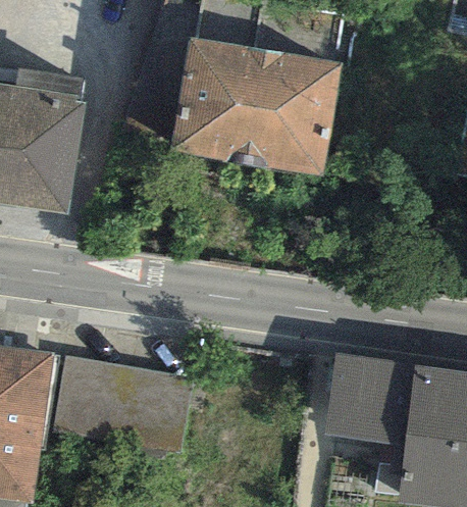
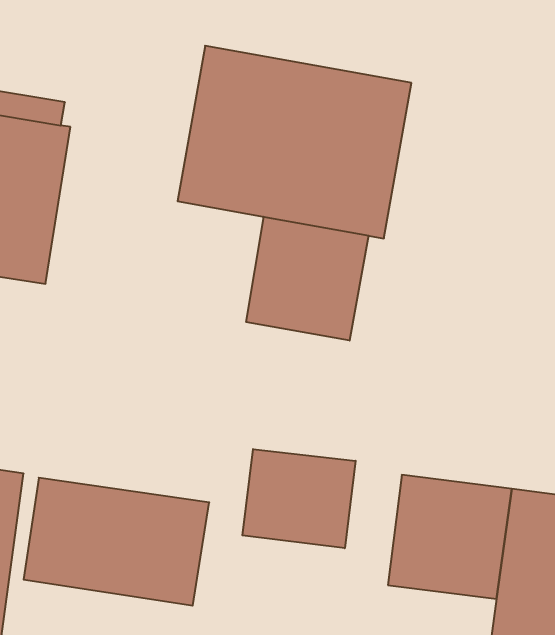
building: none -> [246,217,369,341]
building: none -> [242,449,356,548]

